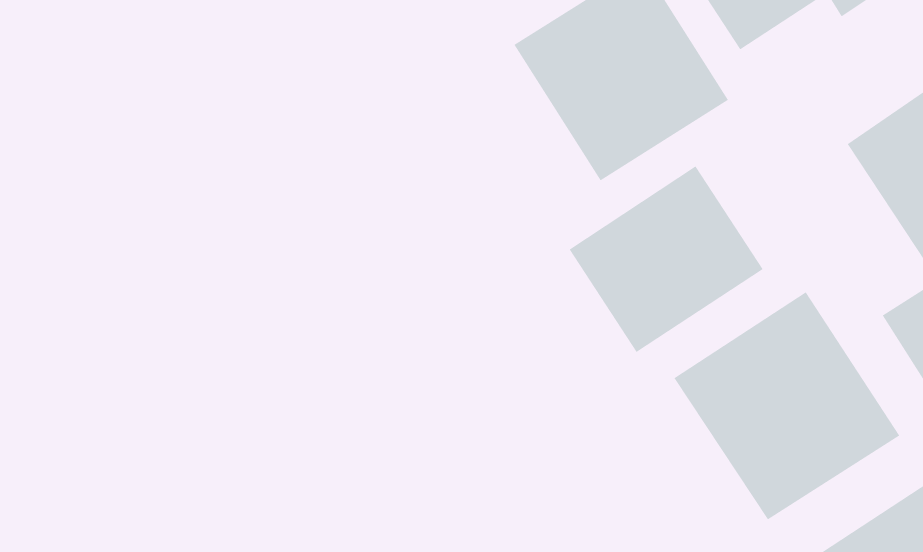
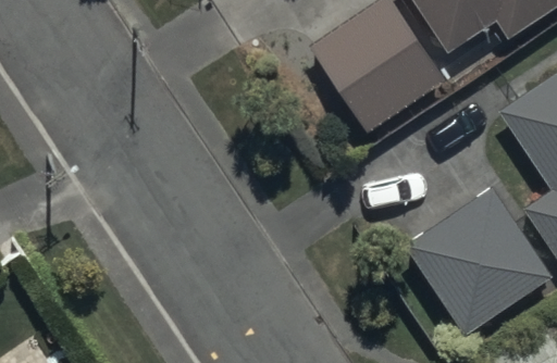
building: [569,166,763,353] -> none

